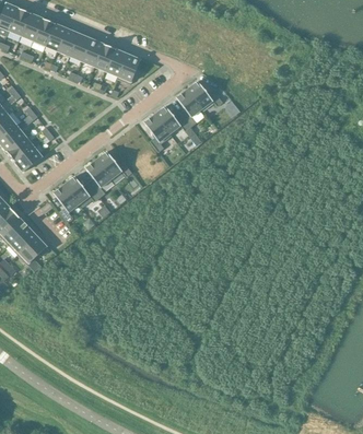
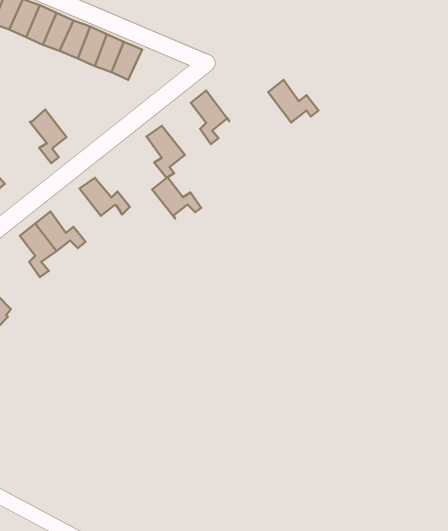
building: [186,81,222,112] -> [268,80,319,123]
building: [154,106,189,136] -> [152,177,201,218]
building: [84,160,110,198] -> [30,110,67,163]

